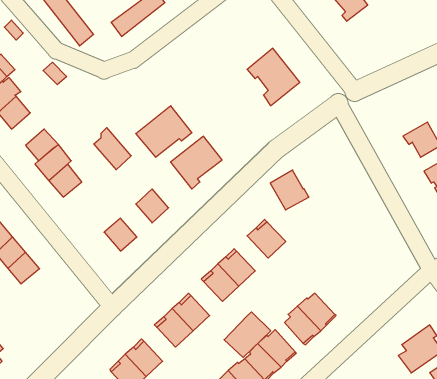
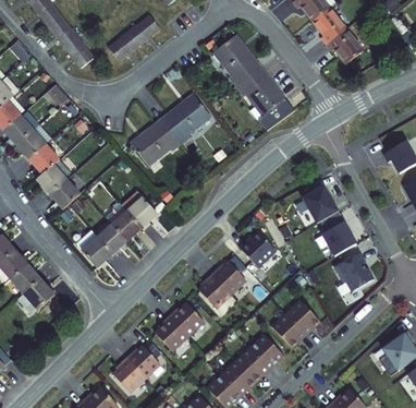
building: none -> [330,32,367,68]
building: none -> [213,40,261,92]
building: none -> [19,132,49,163]
building: [94,128,131,170] -> [114,208,149,248]
building: [171,136,222,189] -> [167,101,215,151]
building: [270,170,309,210] -> [302,185,338,223]
building: none -> [321,221,356,255]
building: none -> [84,237,120,275]
building: none -> [334,252,372,291]
building: none -> [23,277,59,311]
building: [224,312,271,357] -> none

